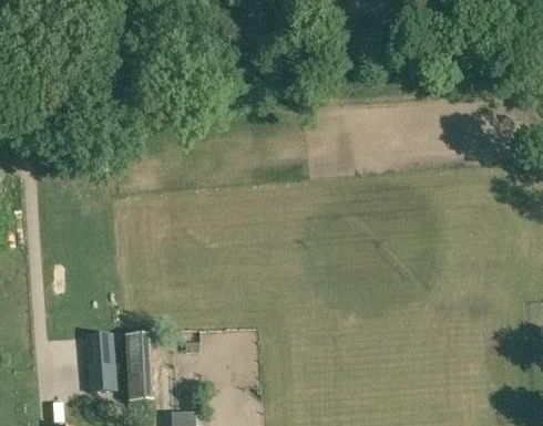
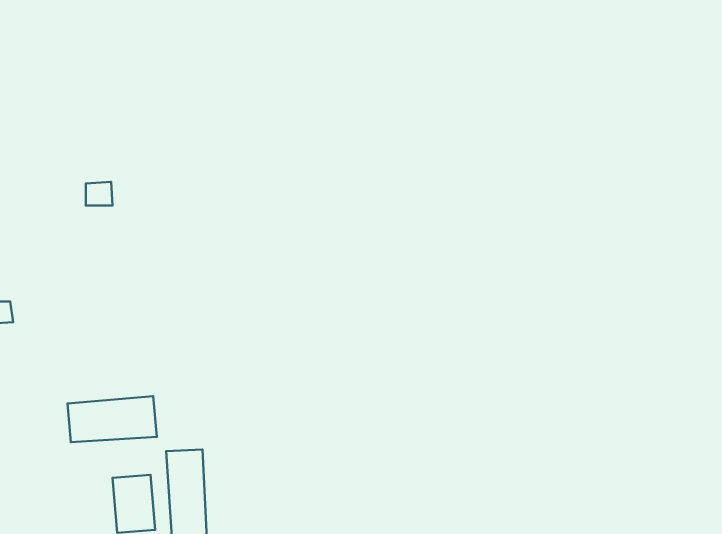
building: none -> [67,396,157,442]

